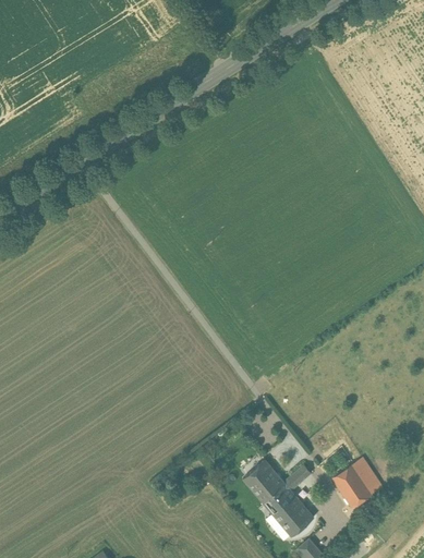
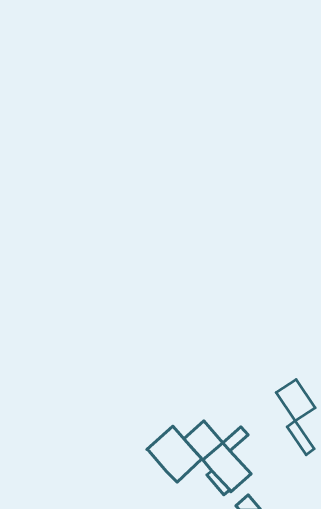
building: none -> [147,426,202,482]
building: [331,464,374,509] -> [276,380,315,421]

